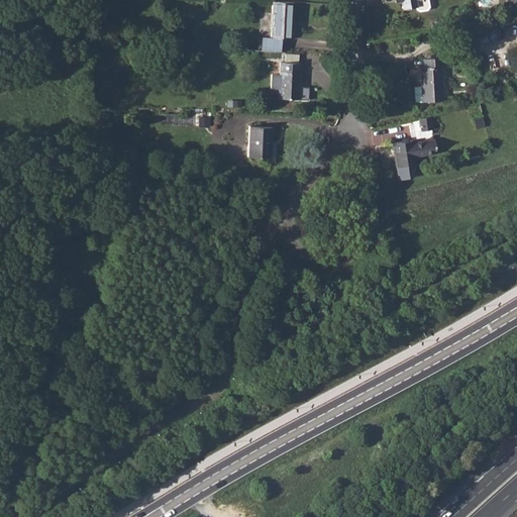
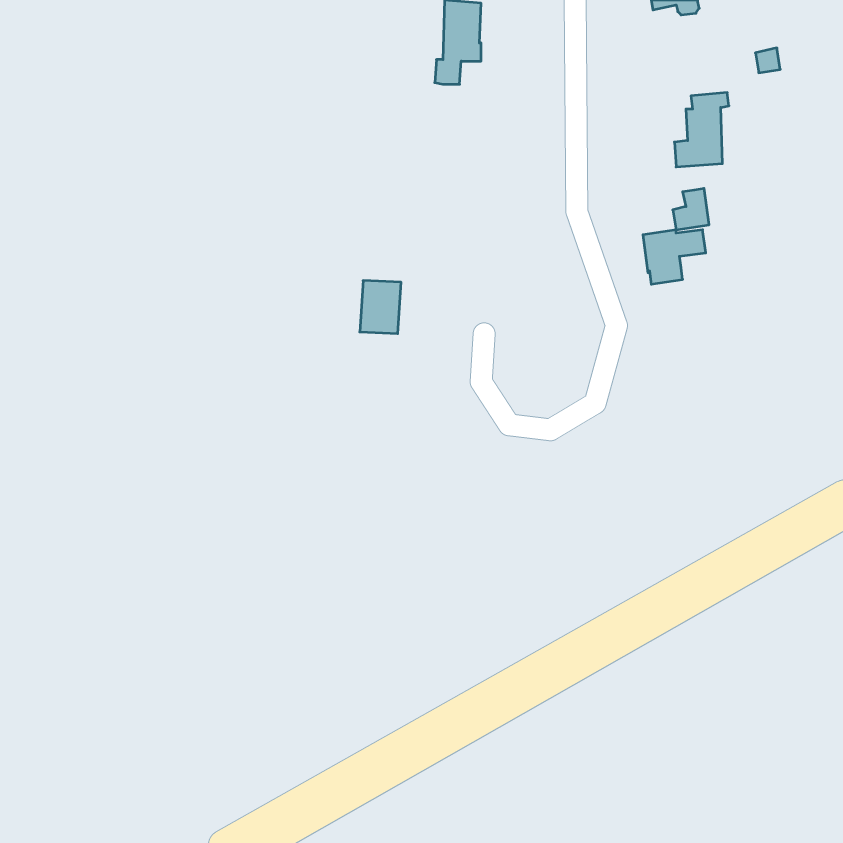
building: [271,63,301,100] -> none
building: [247,126,273,159] -> [360,281,401,334]

